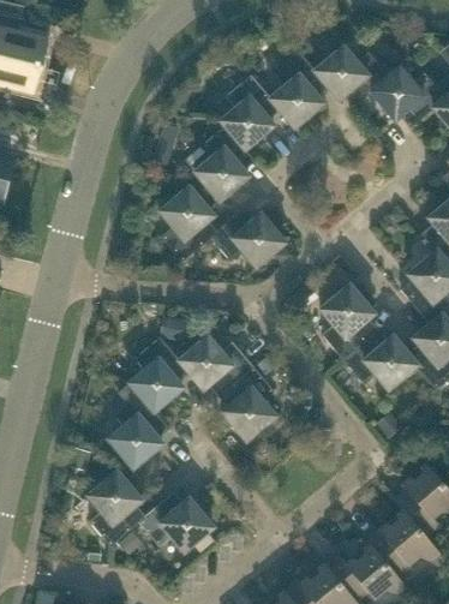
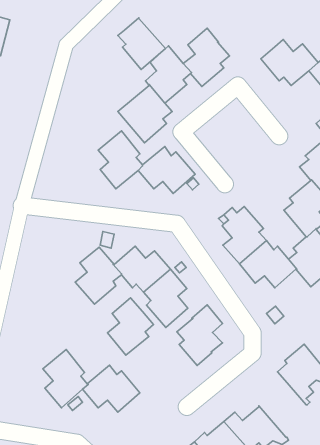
building: none -> [118,18,165,70]
building: [315,46,389,106] -> none
building: [109,393,169,467] -> [107,298,154,355]
building: none -> [177,305,223,365]
building: [366,509,441,584] -> none

